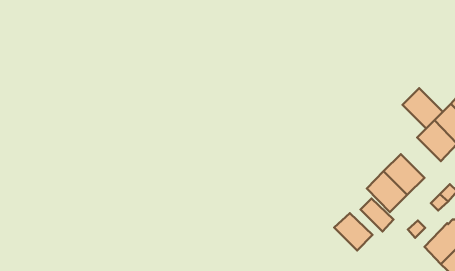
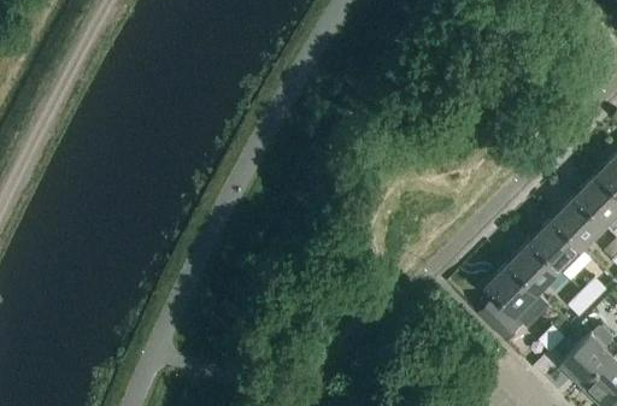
building: [403,88,443,128] -> [531,218,584,271]
building: [334,213,373,250] -> none

